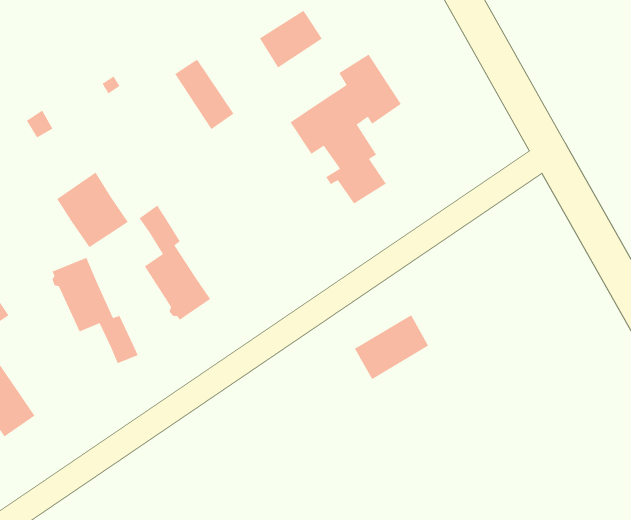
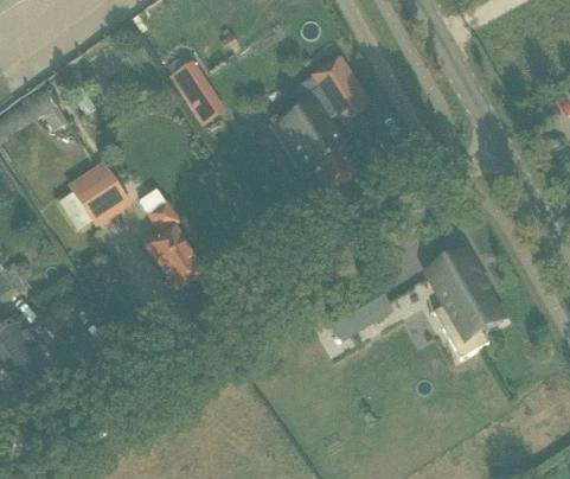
building: [259,10,323,69] -> none
building: [51,257,139,364] -> none
building: none -> [428,249,504,357]

